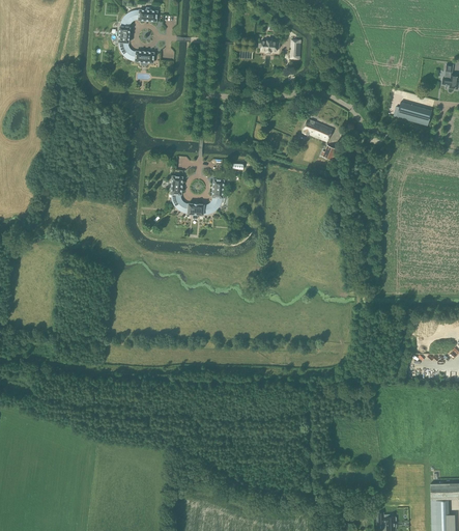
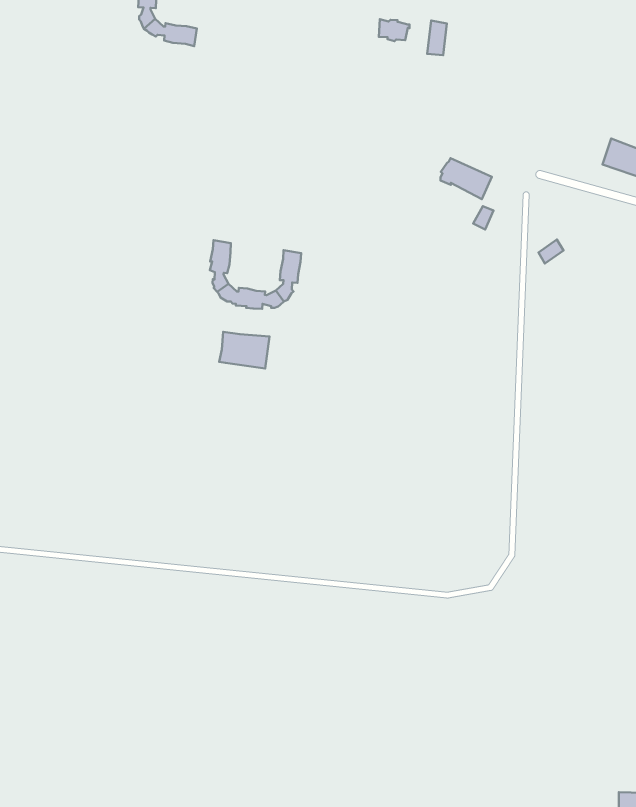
building: none -> [219,332,270,368]

